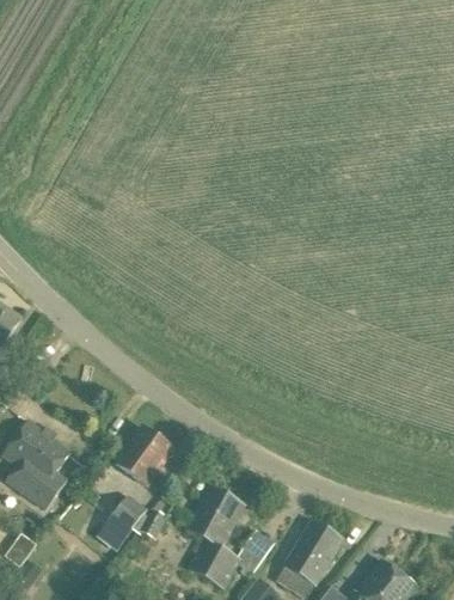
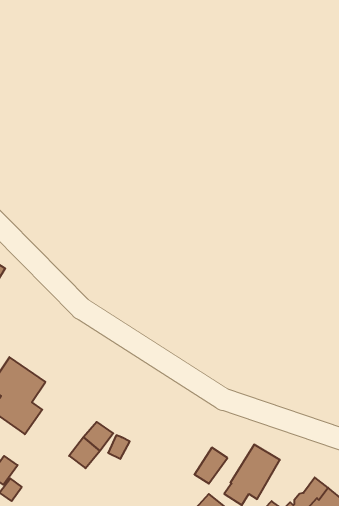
building: [116,427,174,486] -> none
building: [186,486,245,588] -> none

